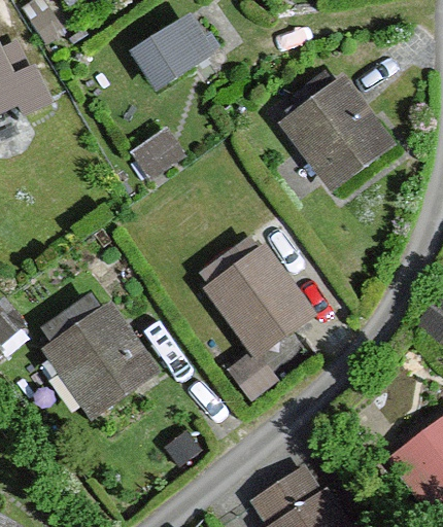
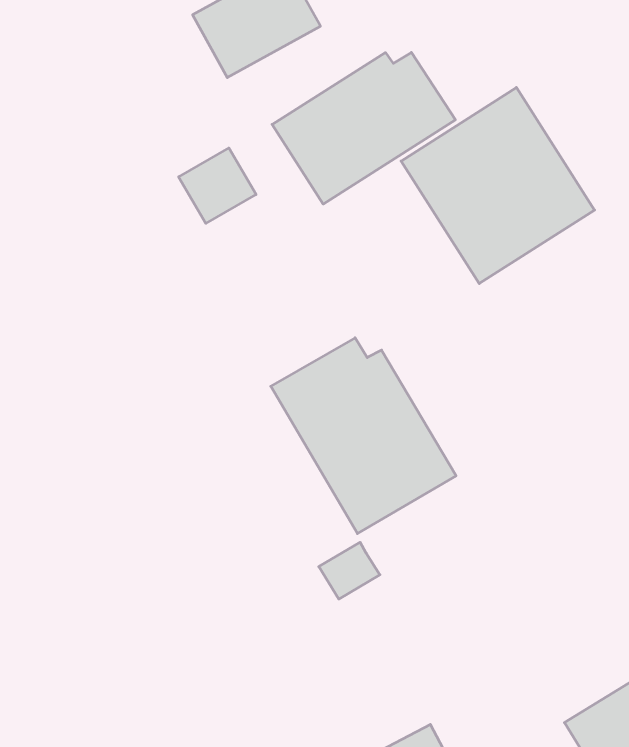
building: none -> [272,52,455,204]
building: [45,301,162,417] -> none

